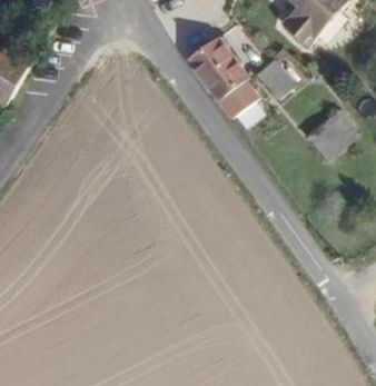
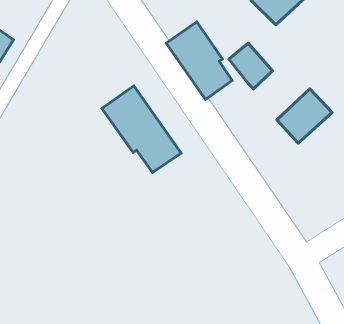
building: none -> [102,86,181,173]

